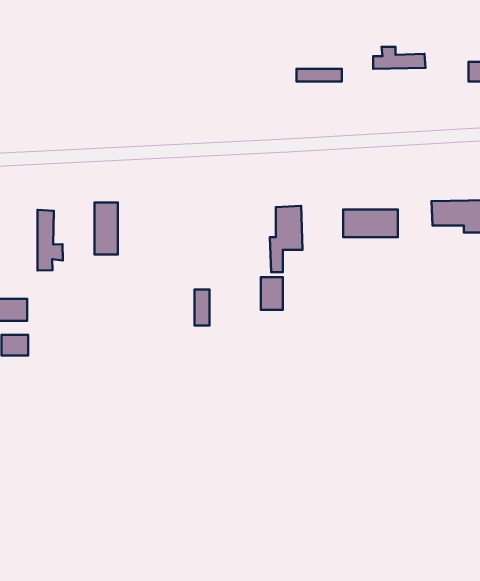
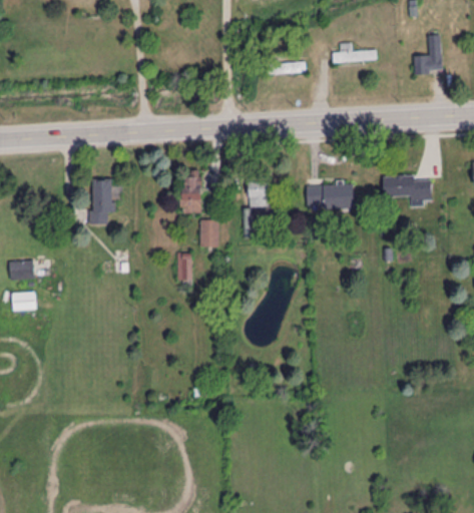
building: none -> [180,170,201,212]
building: [38,210,63,270] -> none
building: [261,277,283,310] -> [200,219,219,247]

